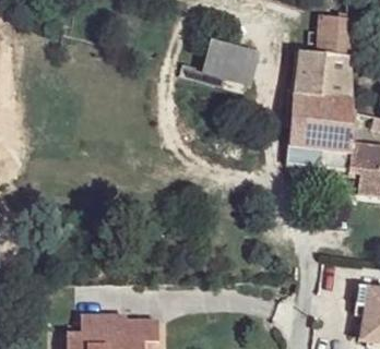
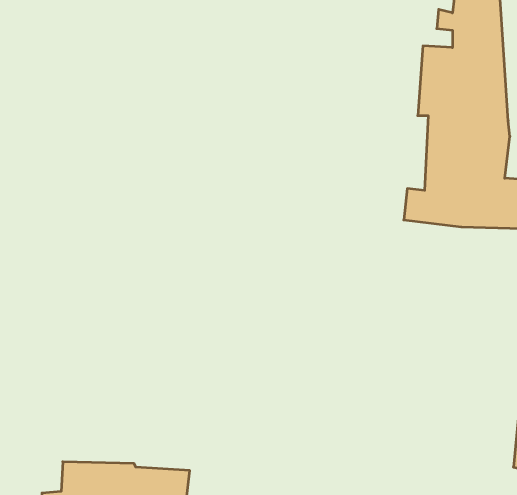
building: [206,45,251,84] -> none

